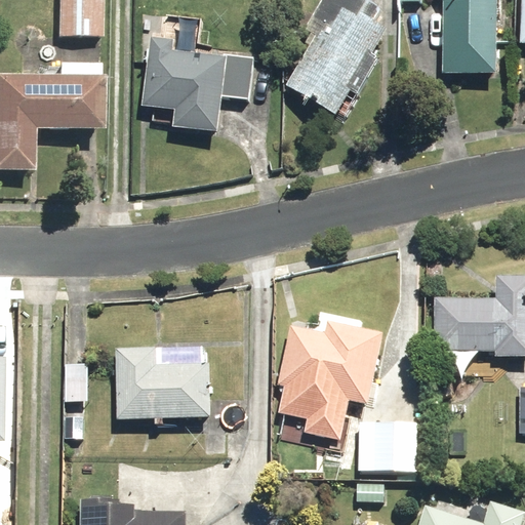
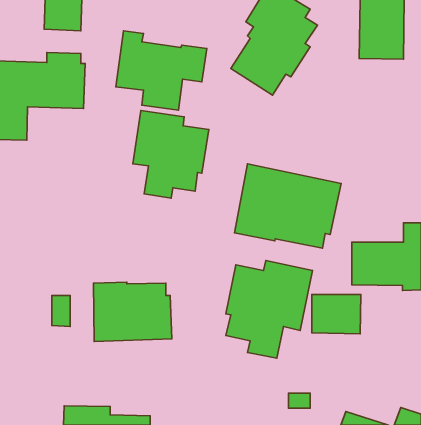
building: none -> [133,111,209,198]
building: none -> [235,164,341,248]
building: [358,422,418,471] -> [312,294,361,334]

